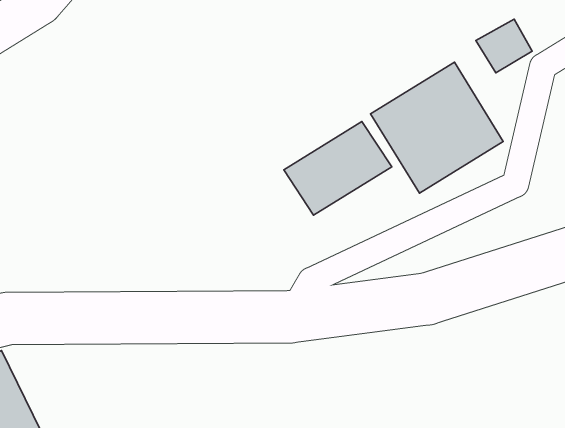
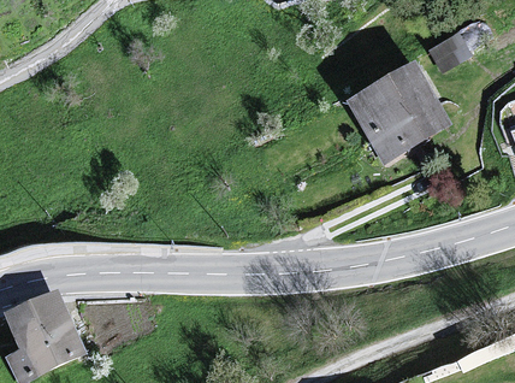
building: [284,121,392,215] -> none

